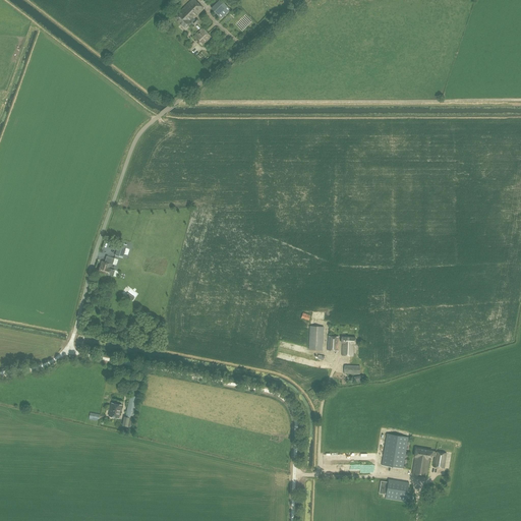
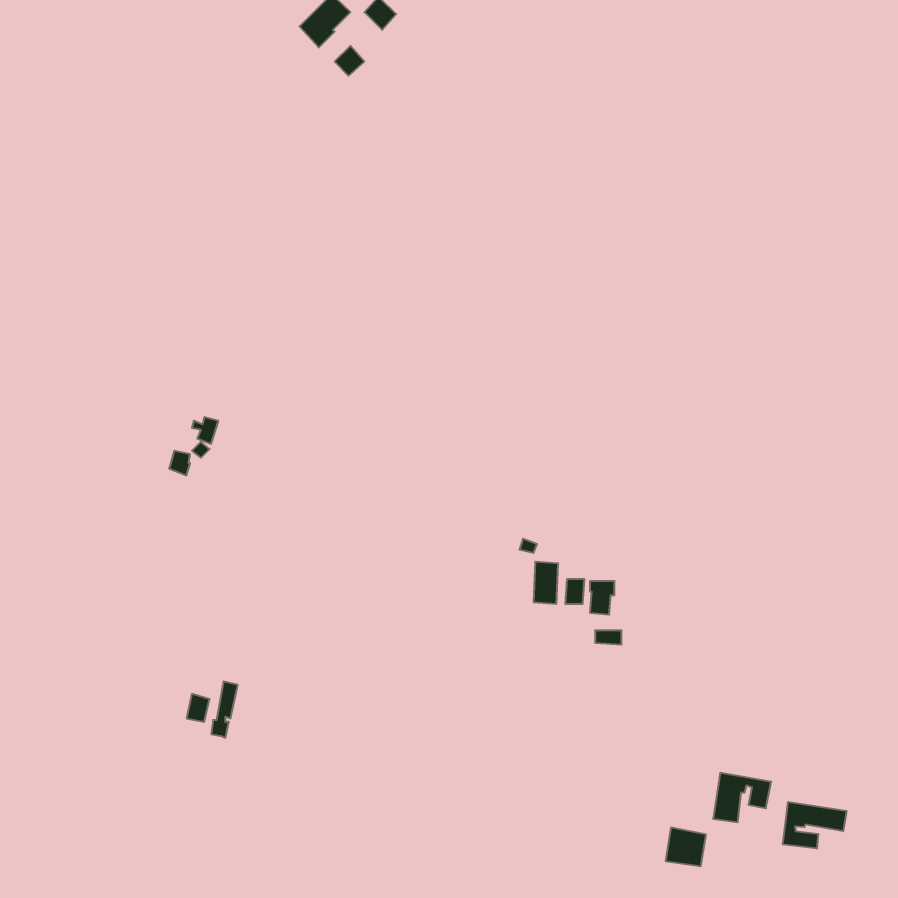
building: [381,432,407,467] -> none
building: none -> [783,802,847,849]

